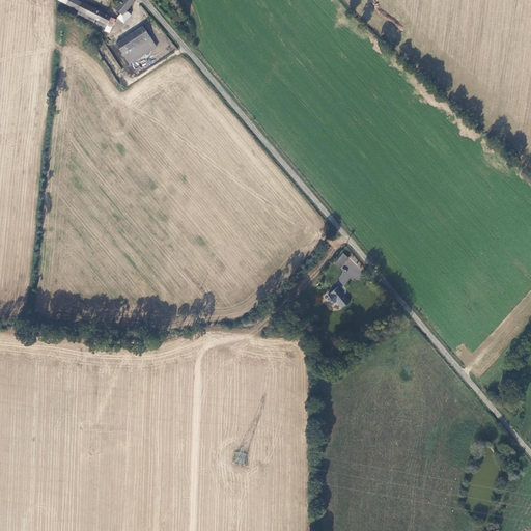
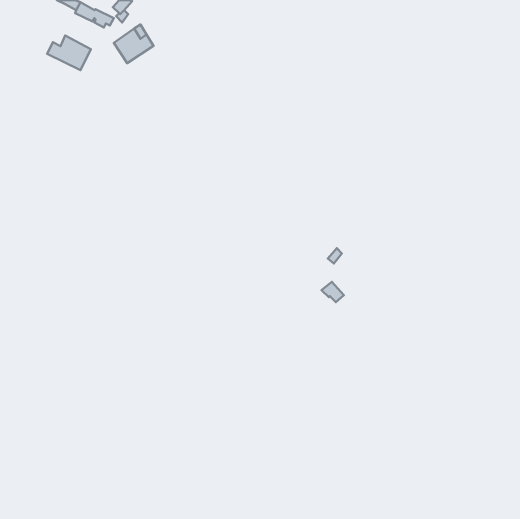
building: none -> [47,35,91,70]

